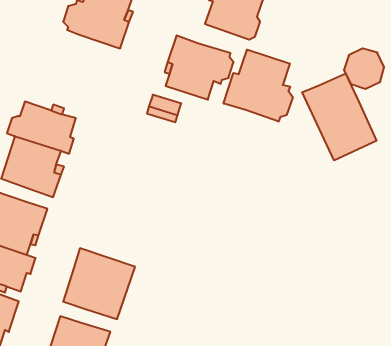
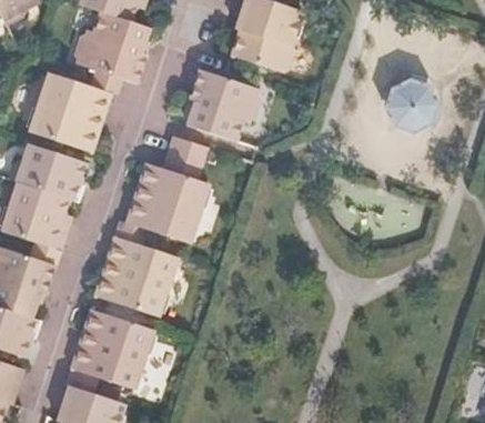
building: none -> [29,71,111,152]
building: [224,50,293,122] -> none
building: [302,74,376,160] -> none
building: none -> [128,163,209,243]
building: none -> [97,236,178,315]

